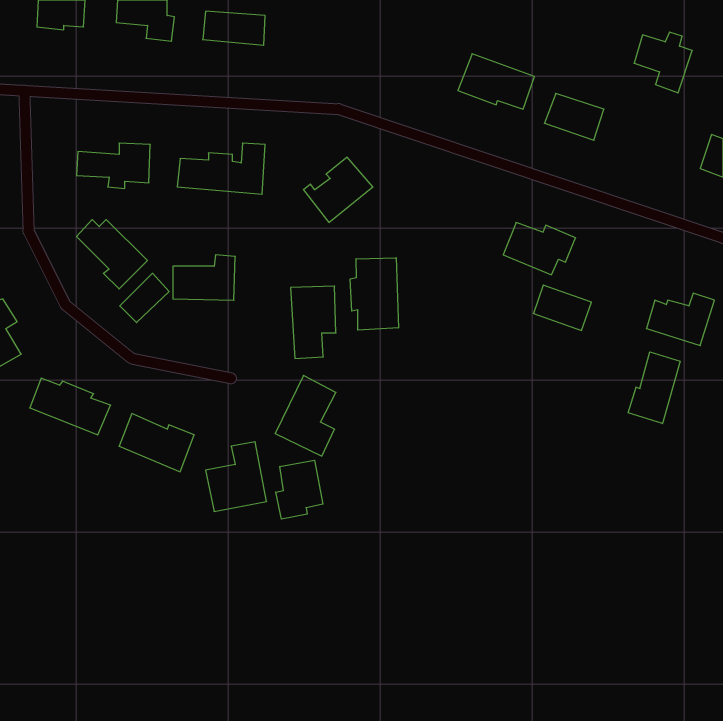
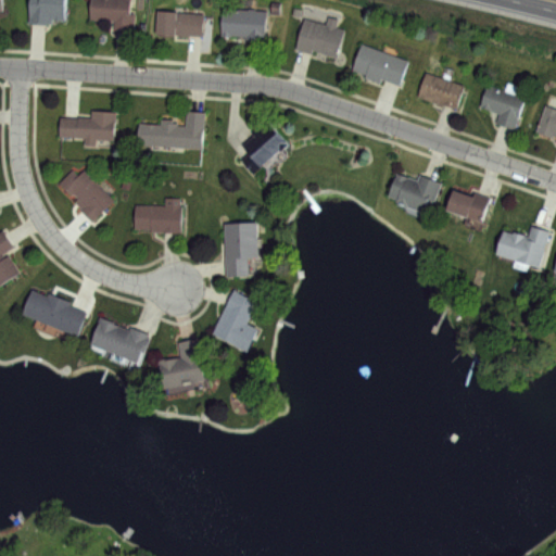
building: none -> [220,8,265,42]
building: none -> [295,18,343,59]
building: [634,32,692,93] -> [480,84,525,130]
building: [350,258,398,330] -> none
building: [120,273,169,323] -> none
building: [533,285,591,330] -> [444,189,489,224]
building: [628,352,680,424] -> none
building: [276,460,323,519] -> none

